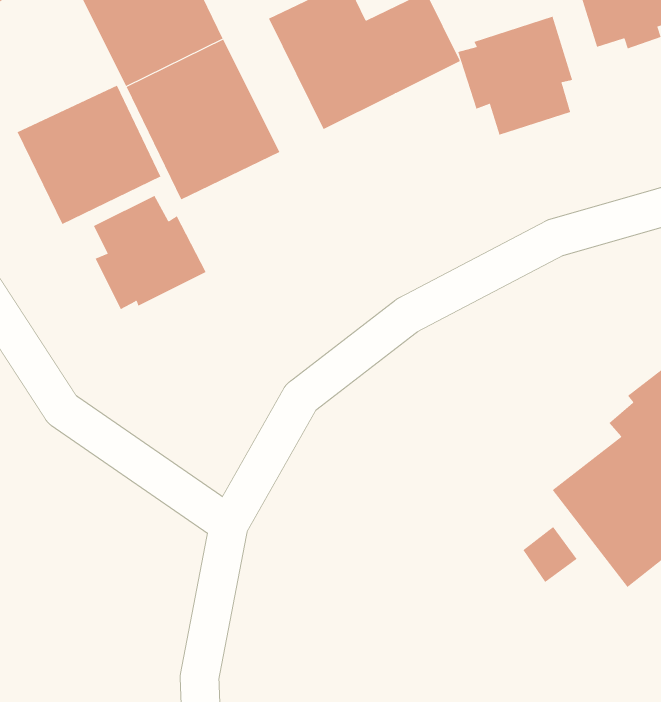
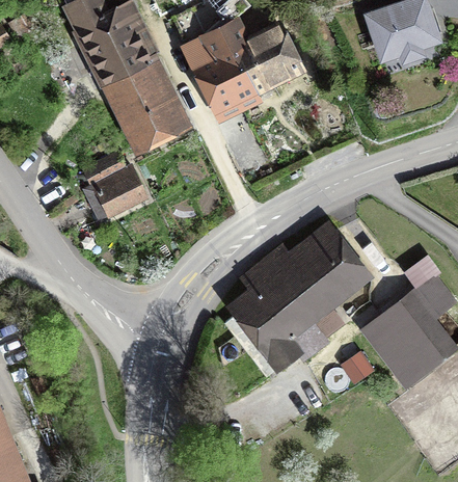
building: [458,16,573,135] -> none
building: [17,85,161,225] -> none
building: none -> [224,220,374,378]

